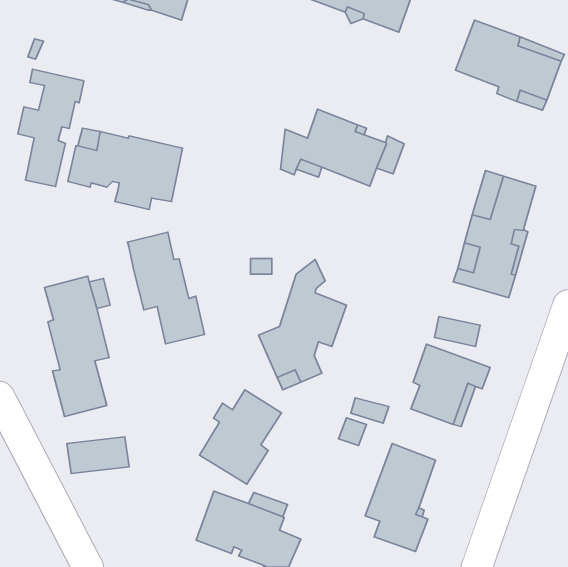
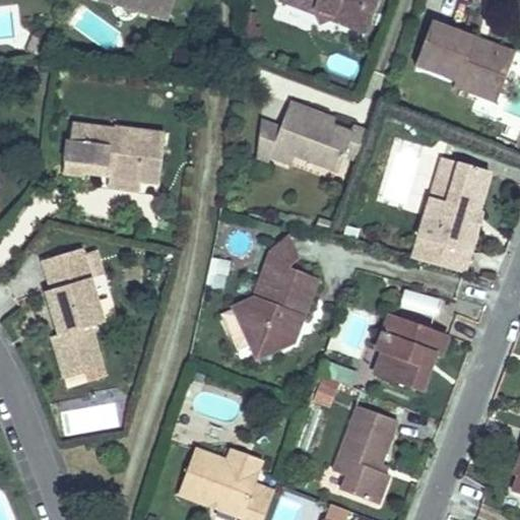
building: [18,69,84,186] -> none
building: [128,232,205,344] -> none
building: [200,390,281,484] -> none

